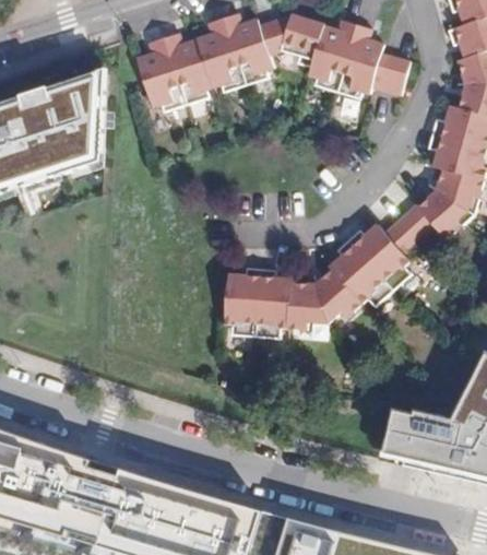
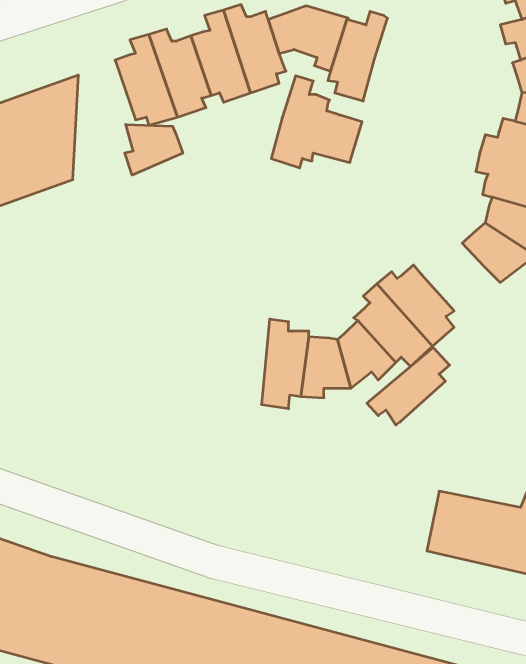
building: [336,25,409,99] -> [271,76,362,168]
building: none -> [125,124,183,175]
building: [383,203,433,253] -> none
building: [224,267,261,336] -> none
building: none -> [367,348,450,425]

